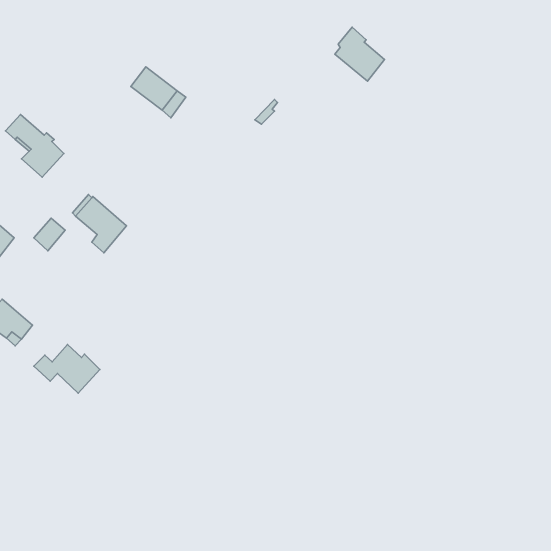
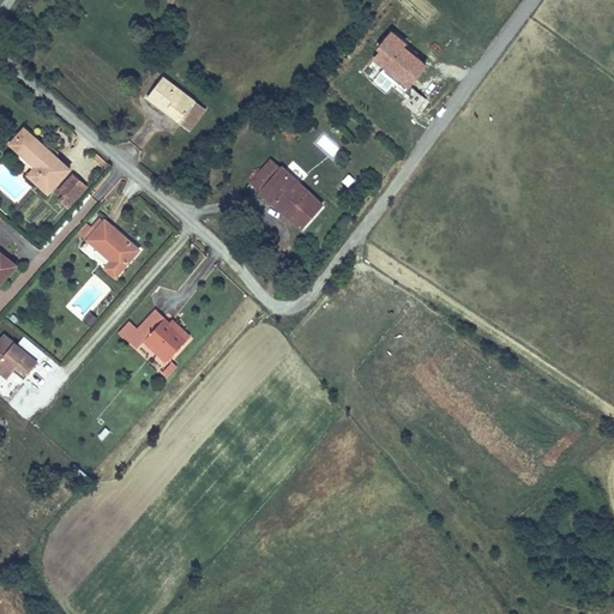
building: none -> [248,158,321,228]
building: [34,218,65,251] -> [52,174,86,210]
building: [34,344,100,393] -> [116,308,189,362]

